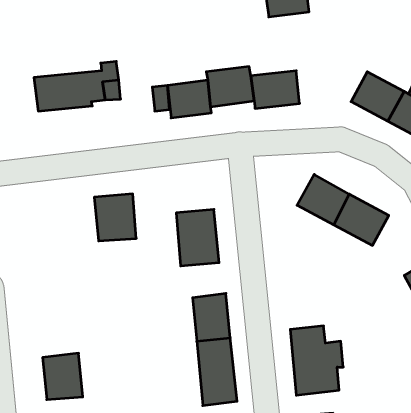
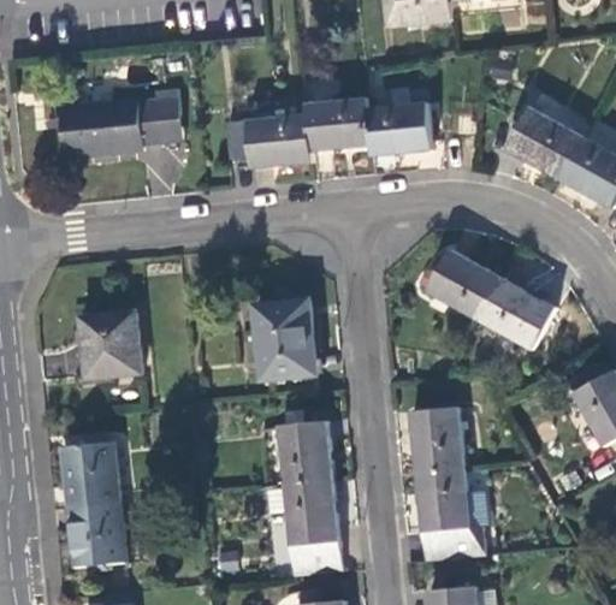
building: [94,194,136,241] -> [81,312,140,378]
building: none -> [410,403,463,467]
building: none -> [63,444,119,506]

